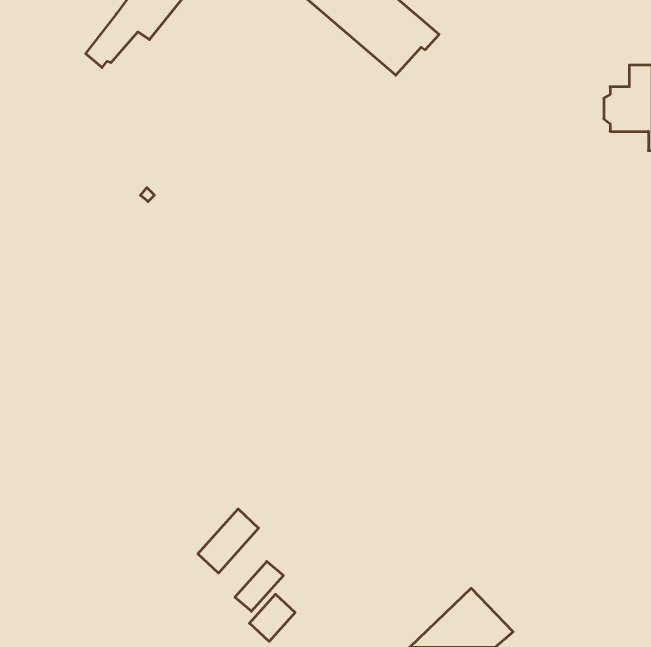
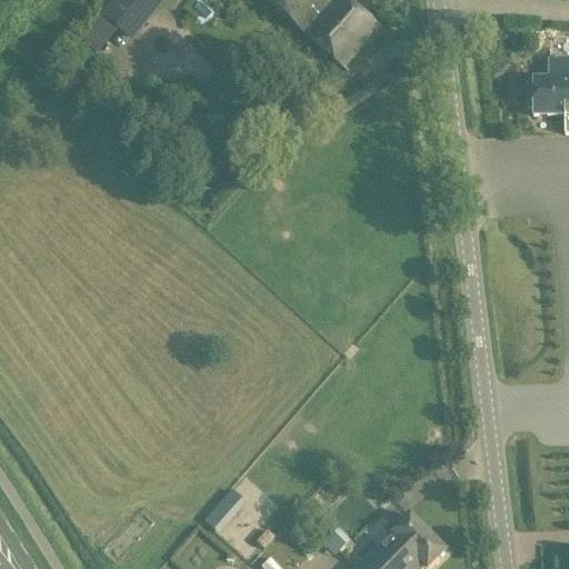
building: [198,509,259,573] -> none
building: [249,594,295,641] -> none

